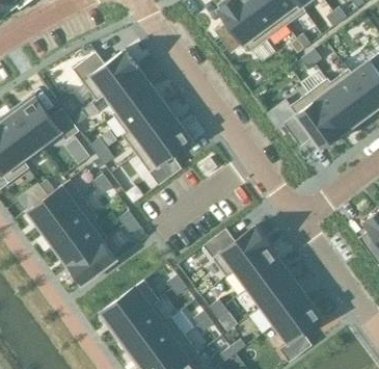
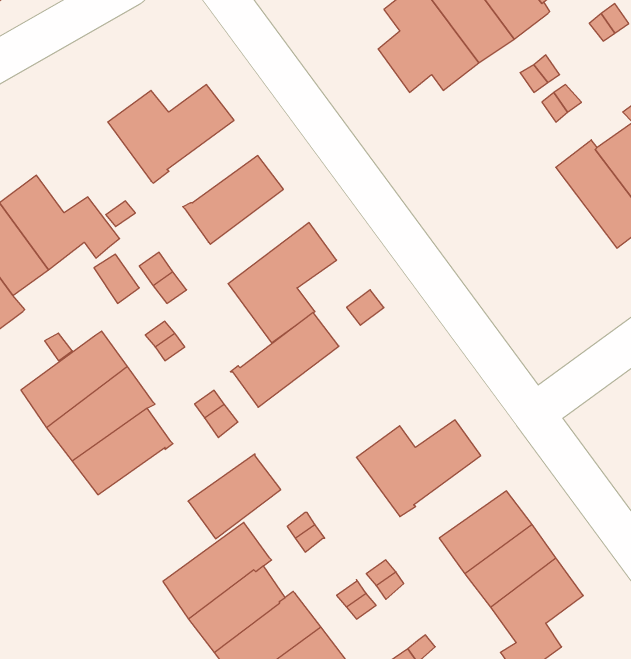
building: [104,68,152,111] -> none
building: [283,93,341,149] -> none
building: [121,104,179,154] -> [230,313,339,407]
building: [67,240,116,285] -> [188,454,281,539]
building: [234,244,282,288] -> none

